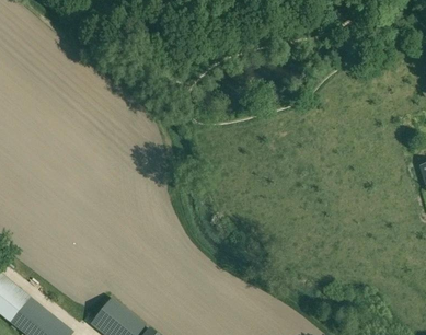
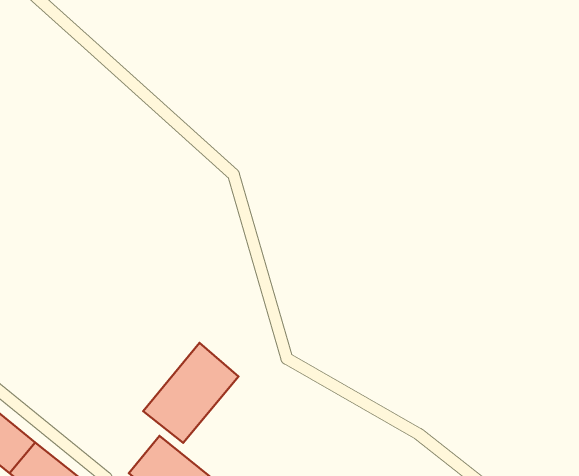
building: none -> [143,343,238,443]

